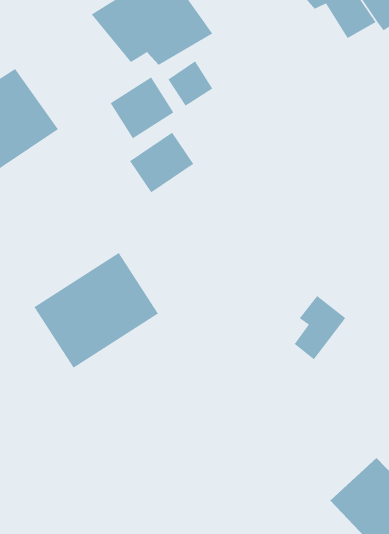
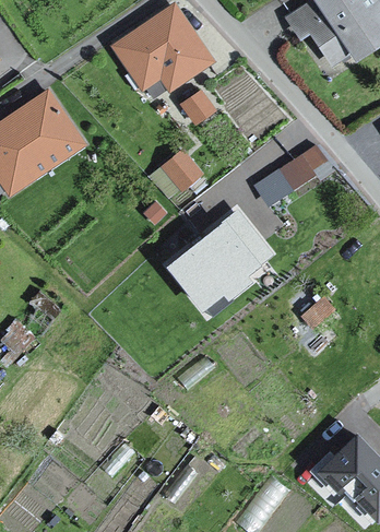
building: [110,77,174,139] -> none
building: none -> [250,145,326,203]
building: [34,252,159,368] -> [169,213,276,312]

